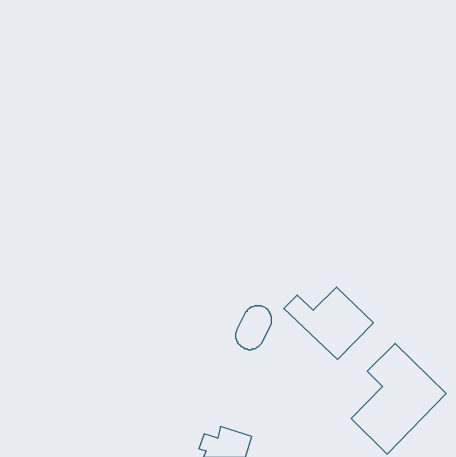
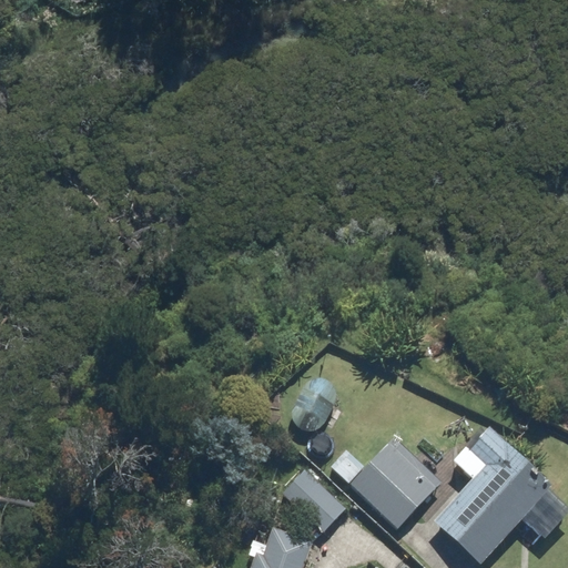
building: [284,287,373,359] -> [331,440,442,530]
building: none -> [283,468,347,538]

